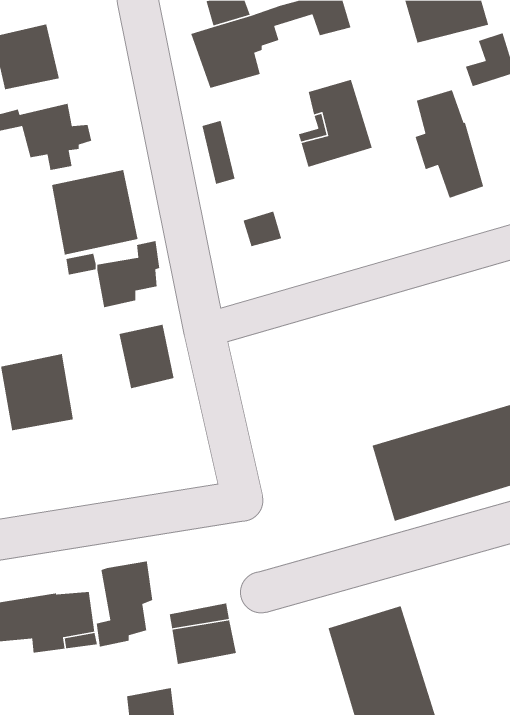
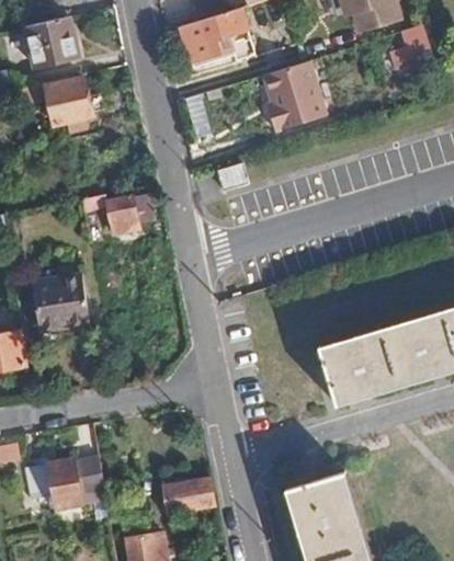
building: [415,89,484,199] -> none
building: [51,169,139,256] -> none
building: [119,324,175,389] -> none
building: [96,560,153,648] -> none

